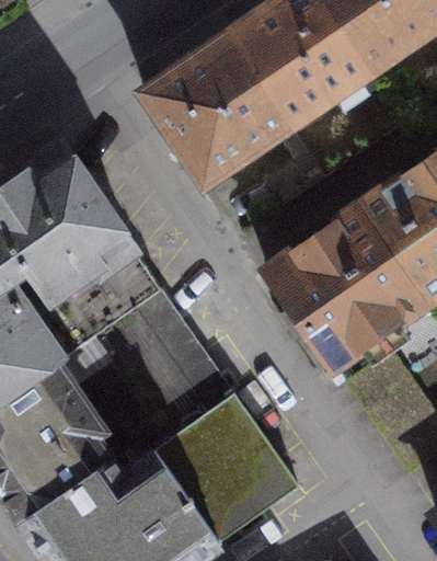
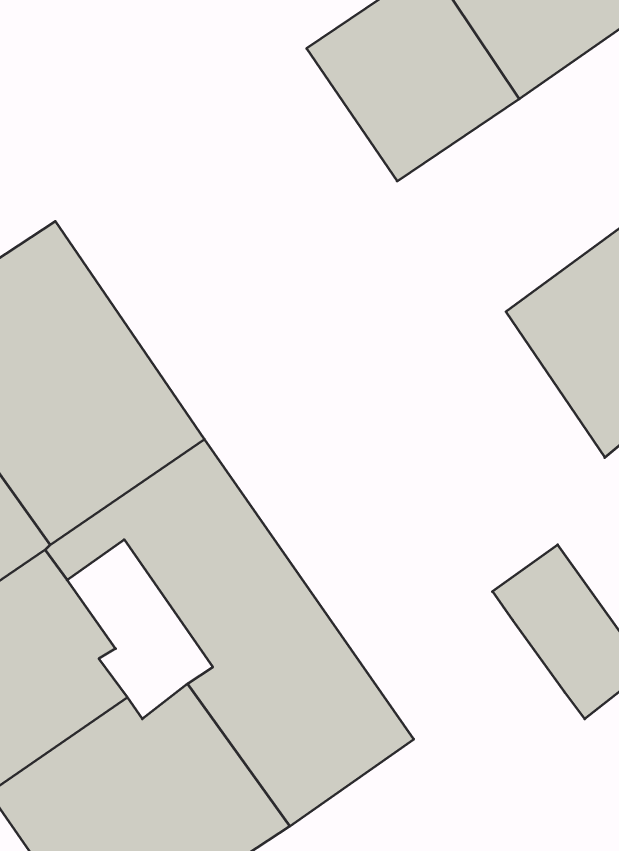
building: [146,33,288,176] -> none
building: [267,205,424,363] -> none

